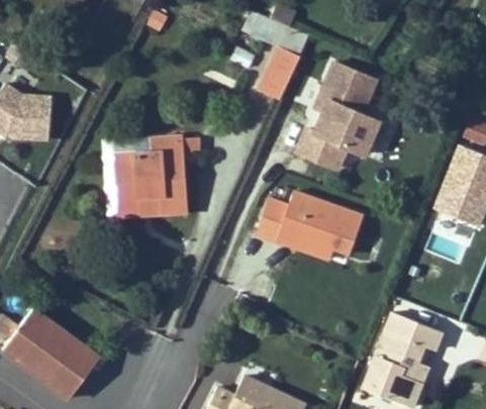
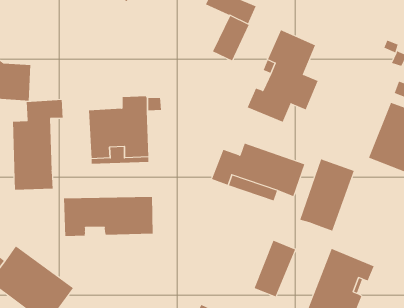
building: none -> [12,99,63,190]
building: none -> [300,158,354,232]
building: none -> [64,196,153,237]
building: none -> [254,240,296,297]

